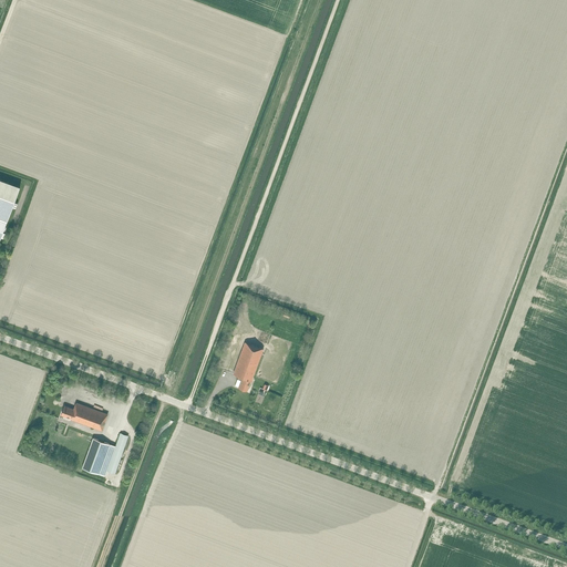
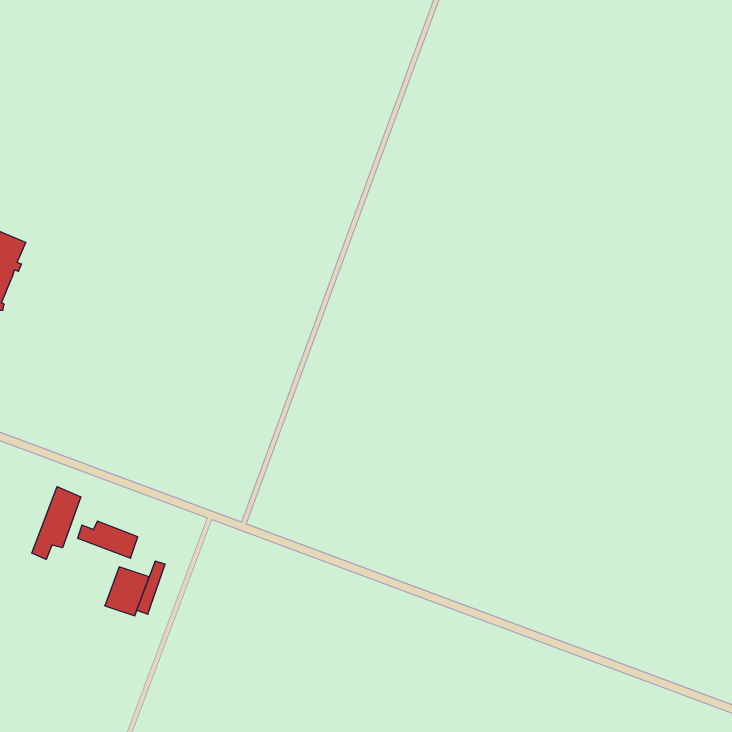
building: [233,343,262,392] -> none
building: none -> [32,487,81,559]

